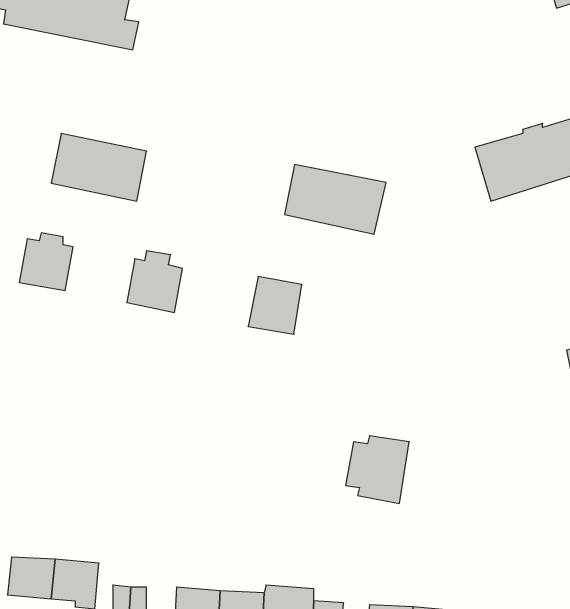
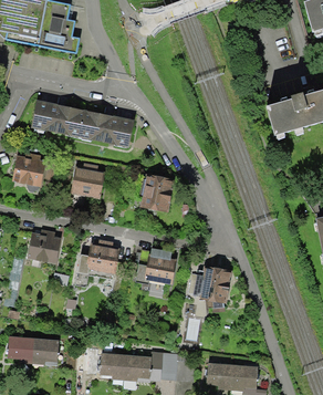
building: [285,165,386,234] -> [79,111,135,149]
building: none -> [28,236,59,267]
building: none -> [86,247,118,276]
building: none -> [138,253,177,285]

